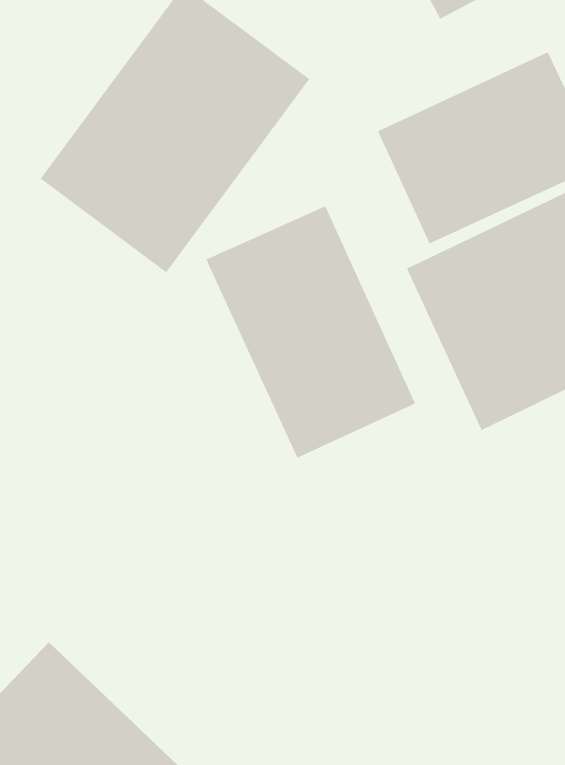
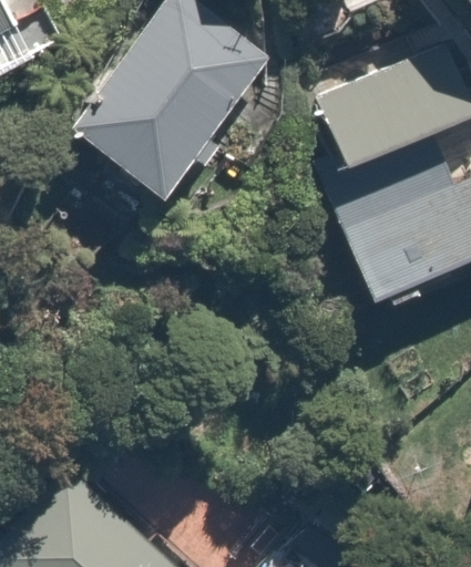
building: [206,206,416,458] -> none

